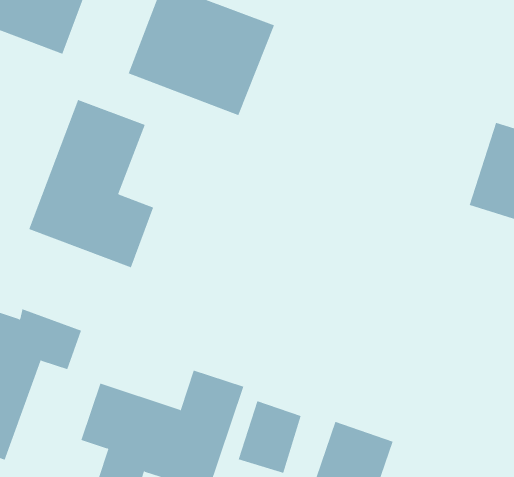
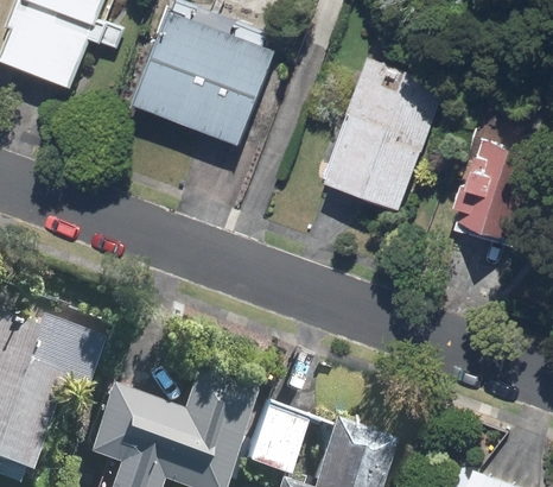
building: none -> [324,63,438,204]
building: [29,99,154,268] -> none

